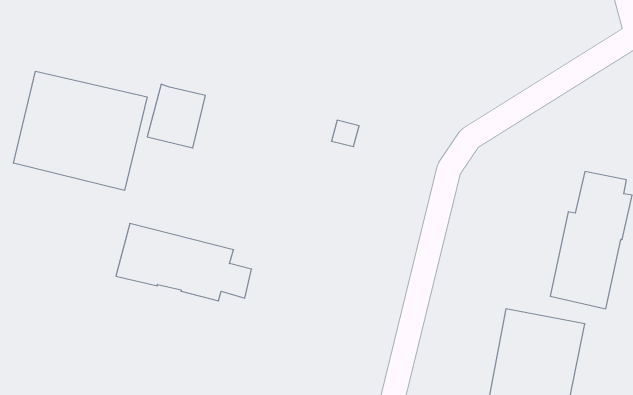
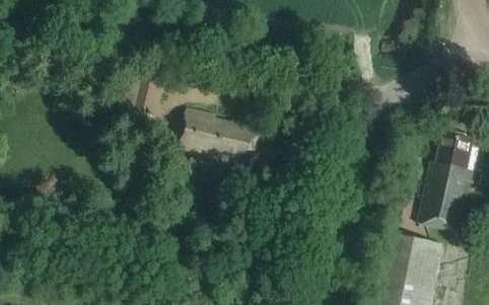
building: [14,71,147,190] -> none
building: [116,223,252,301] -> [177,109,276,166]

